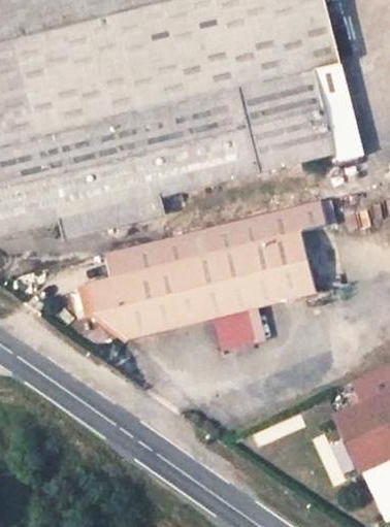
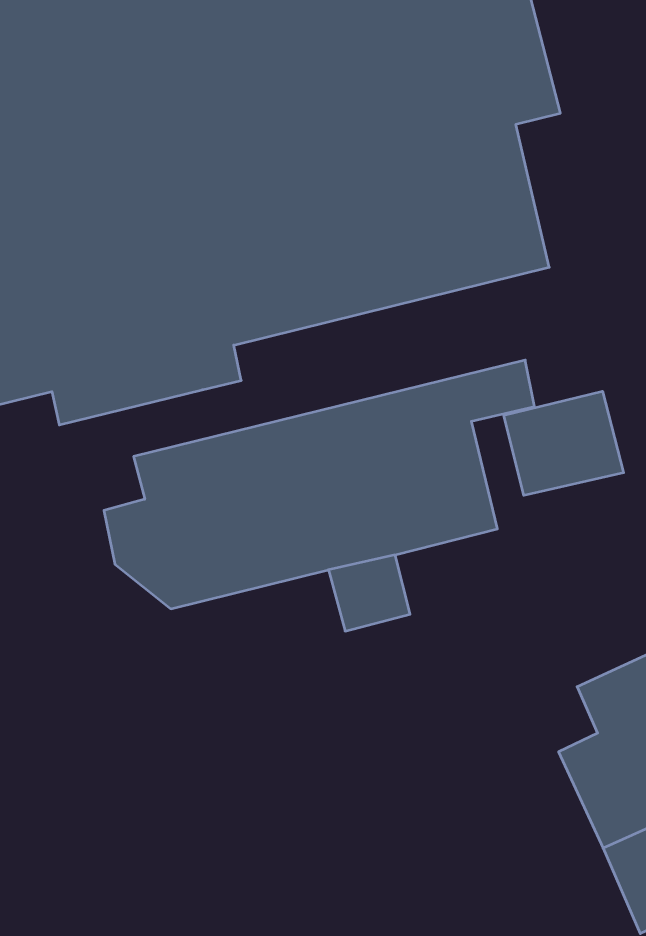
building: [317,63,363,160] -> none
building: none -> [504,391,624,495]

